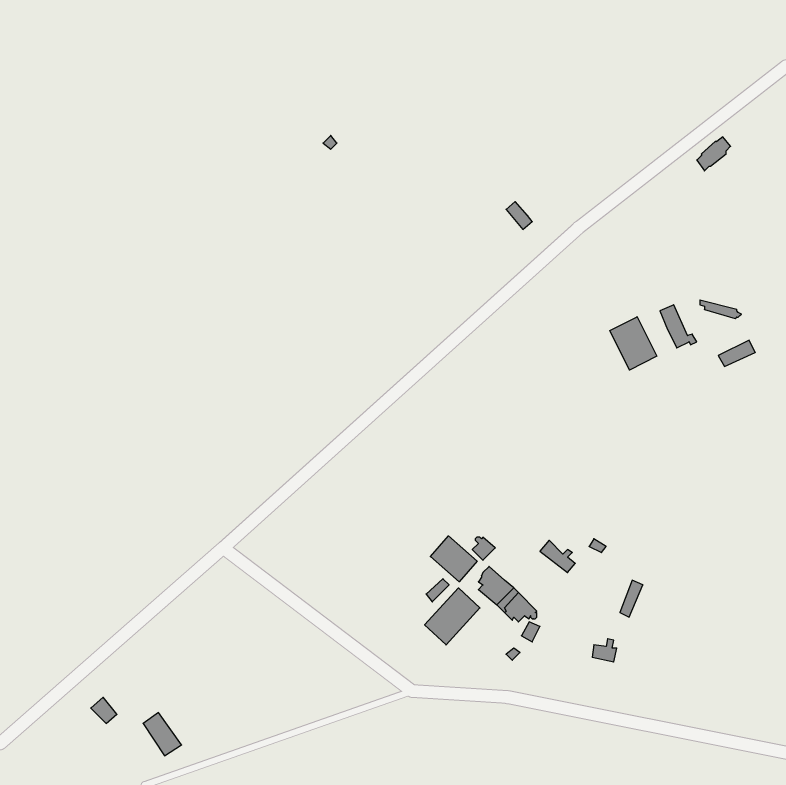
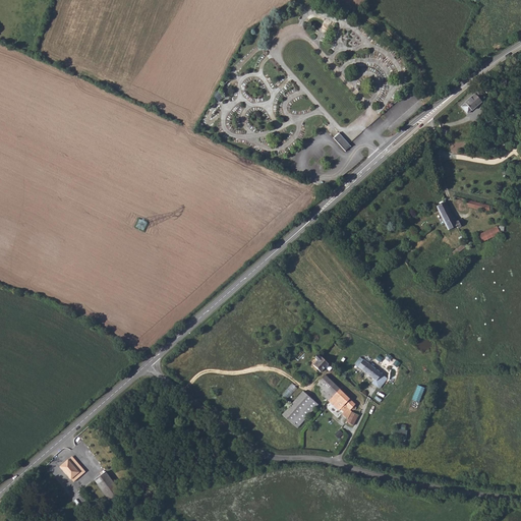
building: [610,317,657,370] -> none
building: [430,536,477,582] -> none

